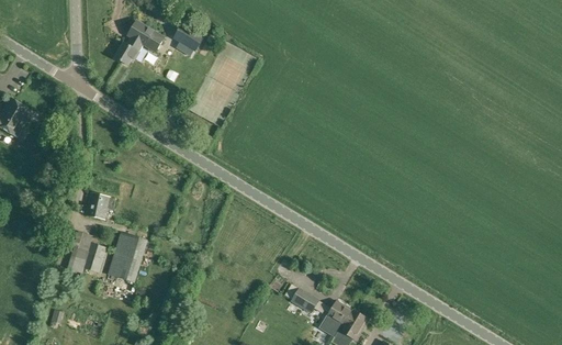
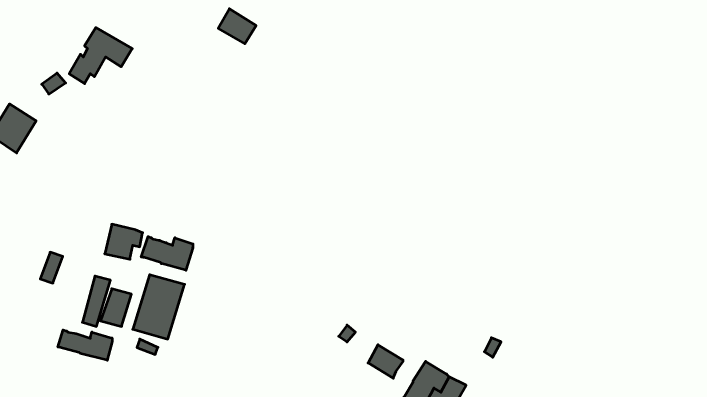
building: [114,22,164,66] -> [69,28,132,84]
building: none -> [141,237,193,270]
building: none -> [58,330,112,360]

